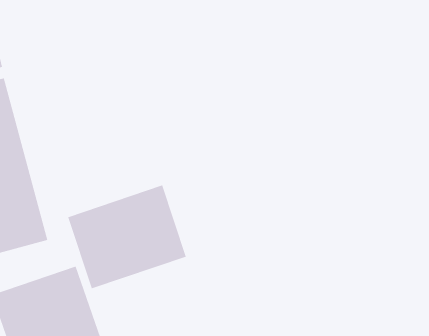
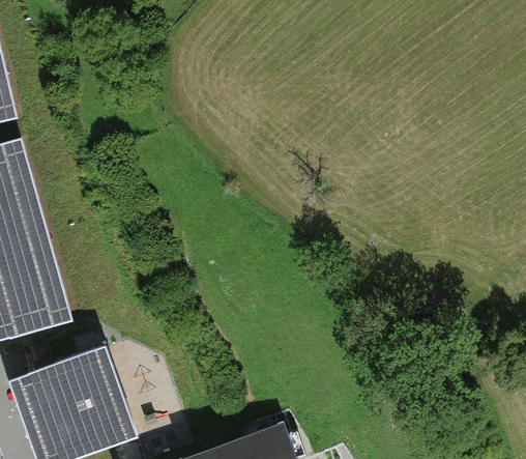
building: [68,184,186,289] -> none

